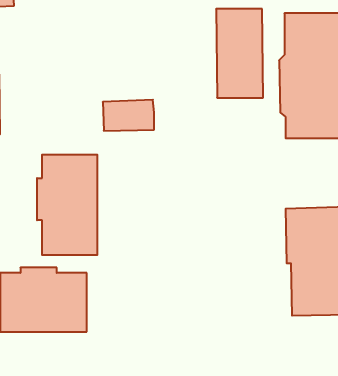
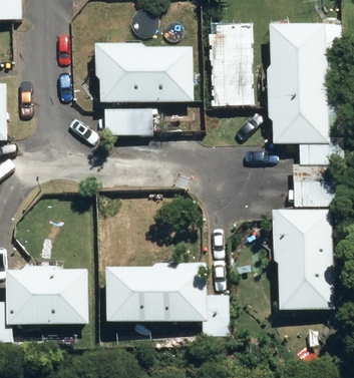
building: none -> [94,41,192,103]
building: [37,155,97,255] -> none
building: none -> [106,262,227,335]

